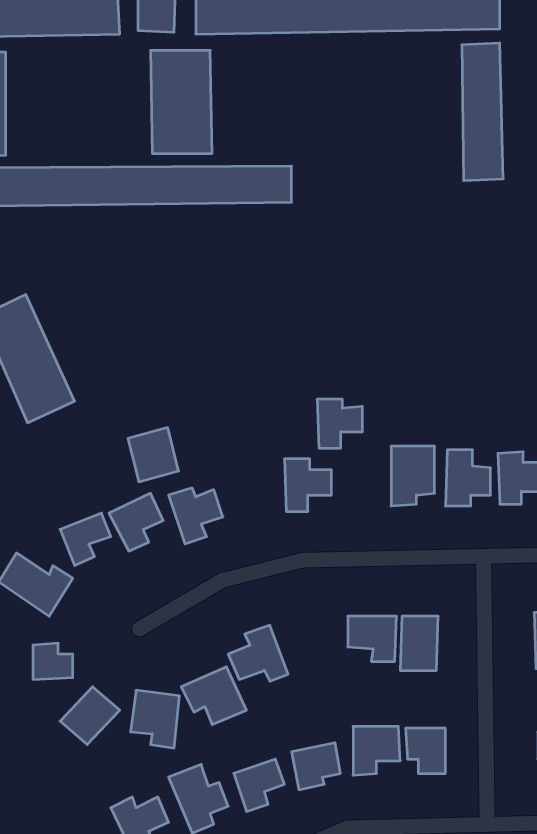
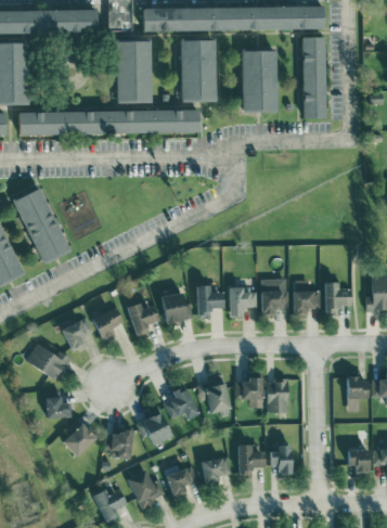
building: none -> [180,40,217,102]
building: none -> [242,51,278,113]
building: [317,399,362,448] -> [229,287,256,317]
building: [128,428,179,482] -> [160,292,191,324]
building: none -> [196,377,231,413]

